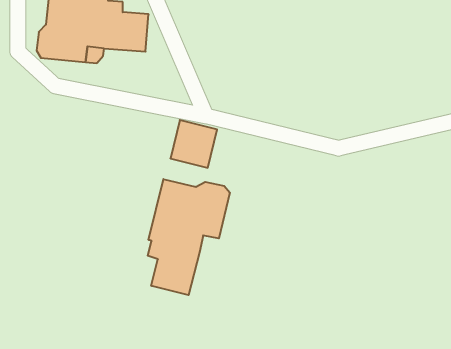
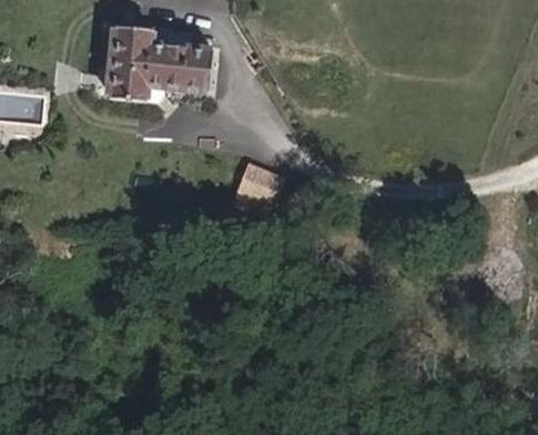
building: [148,179,230,295] -> none

